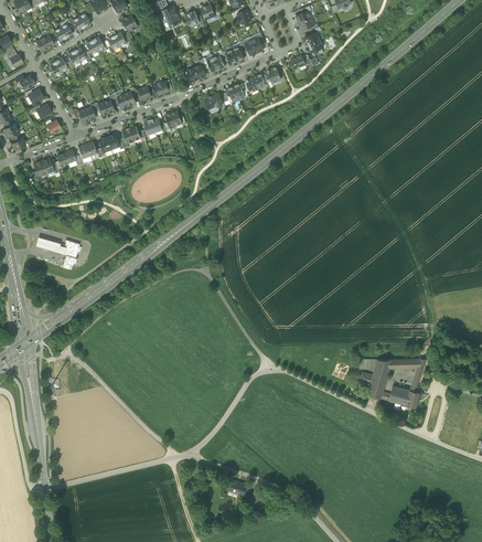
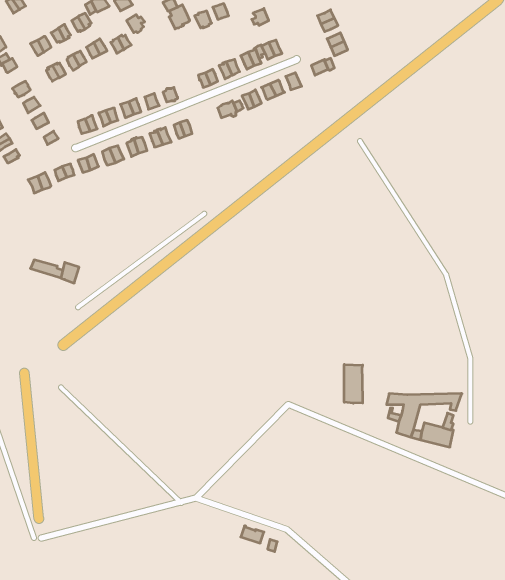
building: none -> [344,364,363,403]

